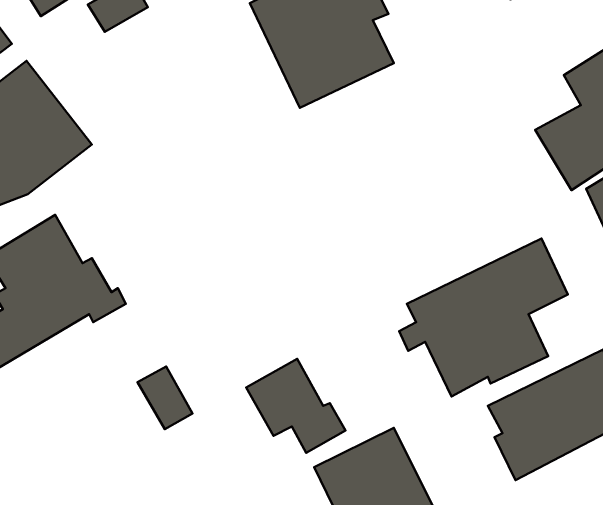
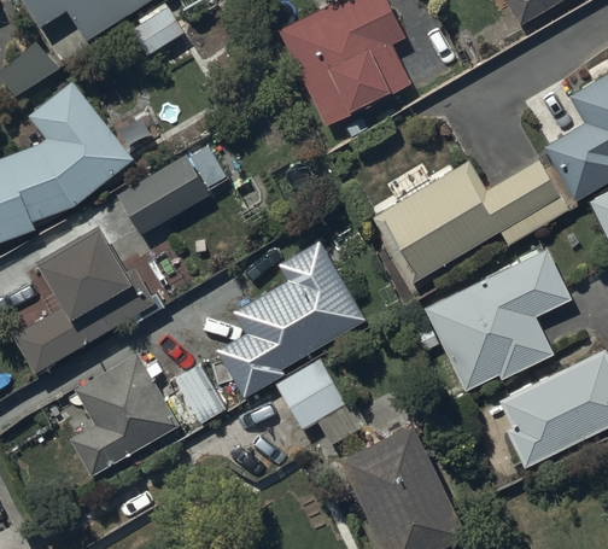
building: none -> [117,140,232,234]
building: none -> [372,158,569,284]
building: none -> [216,239,366,398]
building: none -> [69,350,179,477]

